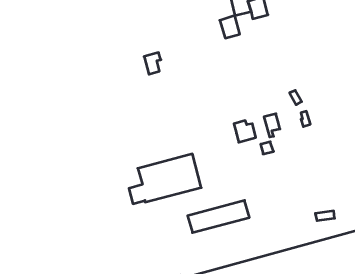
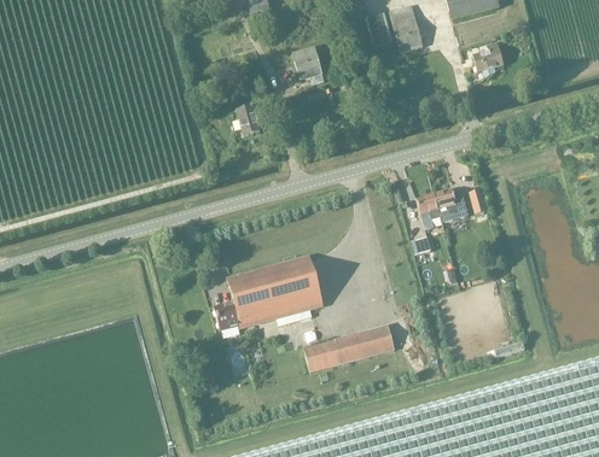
building: none -> [472,45,502,80]
building: [220,16,240,38] -> [291,48,321,82]
building: [234,121,256,142] -> [434,192,466,224]

